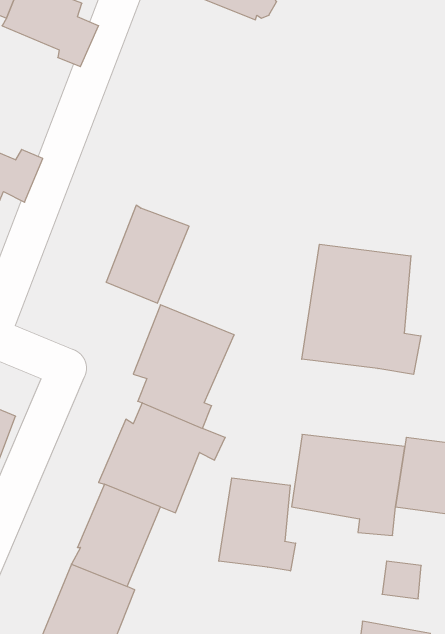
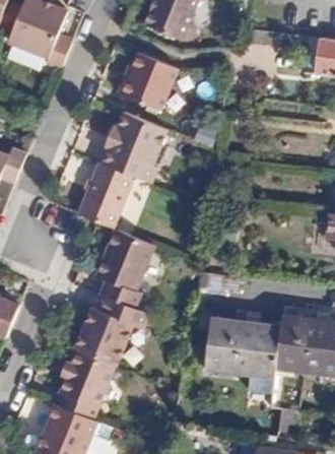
building: none -> [117,55,178,115]
building: none -> [102,114,169,185]
building: [302,244,421,374] -> none
building: [219,478,296,571] -> none

